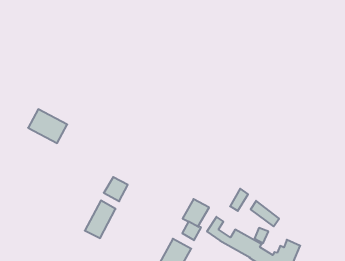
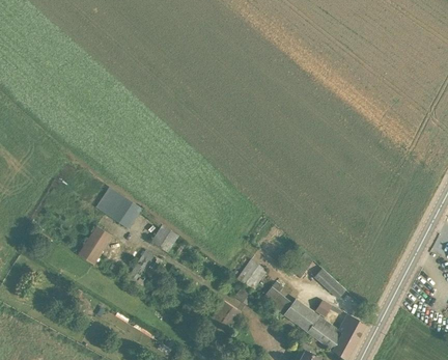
building: [28,109,67,143] -> [96,187,141,227]
building: none -> [79,224,113,264]

